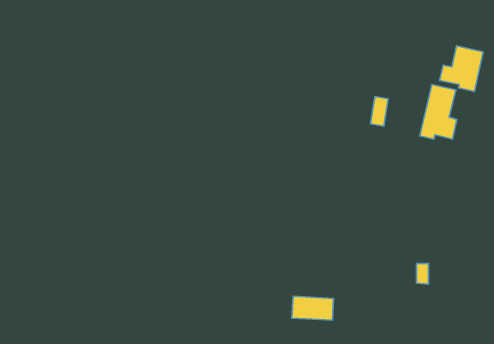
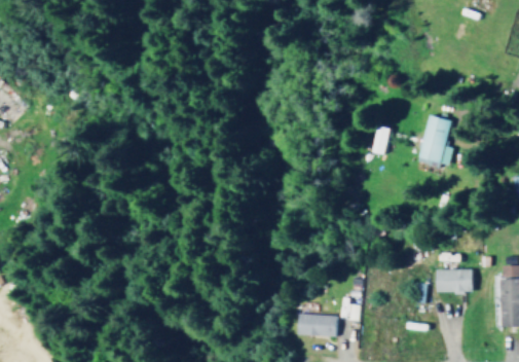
building: [440,46,483,92] -> none
building: none -> [436,269,472,293]

